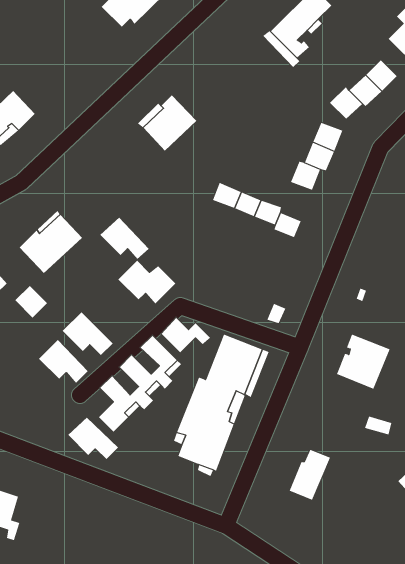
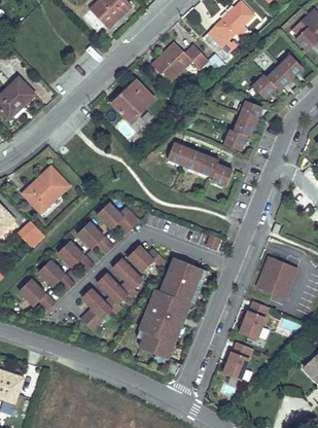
building: none -> [152,43,208,81]
building: [100,217,150,260] -> [75,218,112,250]
building: none -> [239,301,270,338]
building: [67,417,119,460] -> [16,280,55,312]

